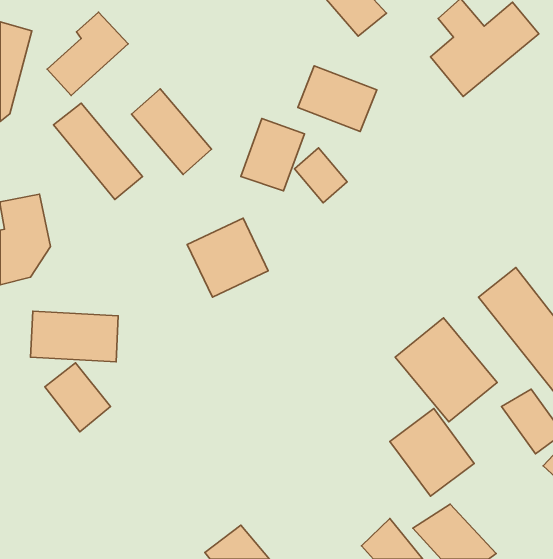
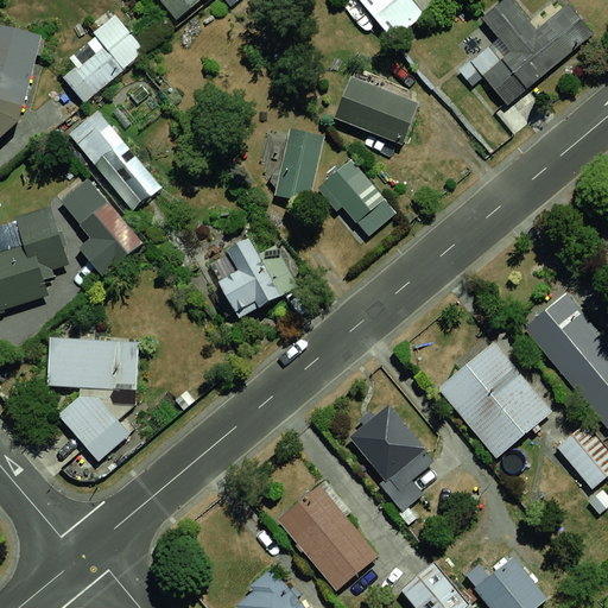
building: [132,89,212,174] -> [53,176,140,268]
building: [390,409,474,496] -> [348,401,439,496]
building: none -> [273,488,378,590]

